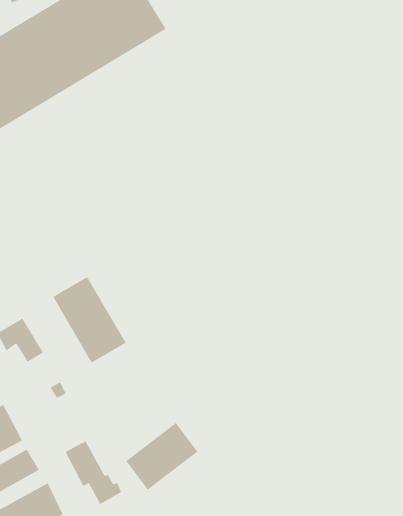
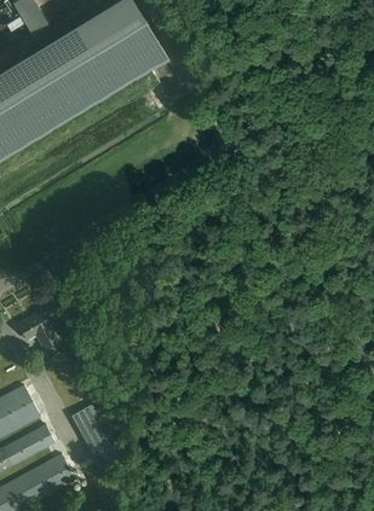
building: [52,276,126,363] -> none
building: [125,422,198,490] -> none

